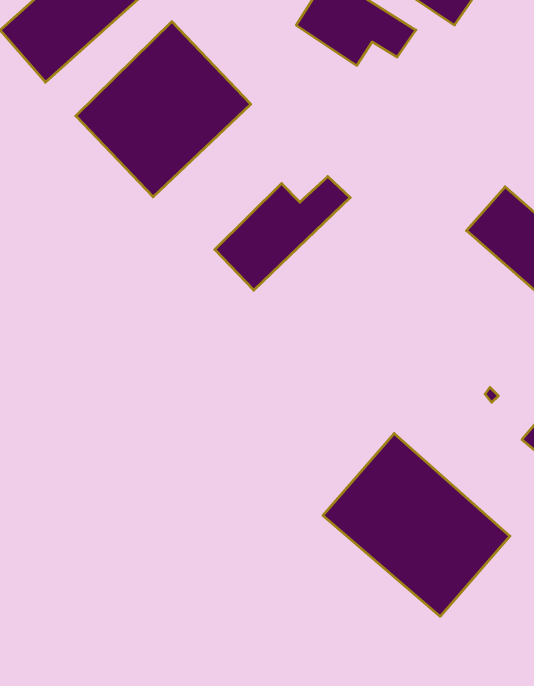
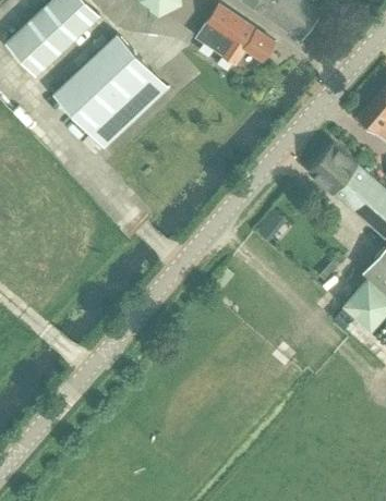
building: [215,176,350,290] -> none
building: [323,433,510,616] -> none

